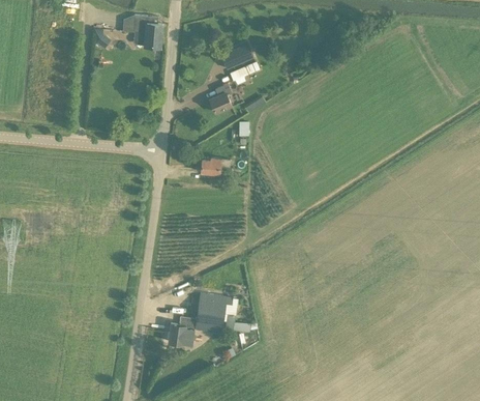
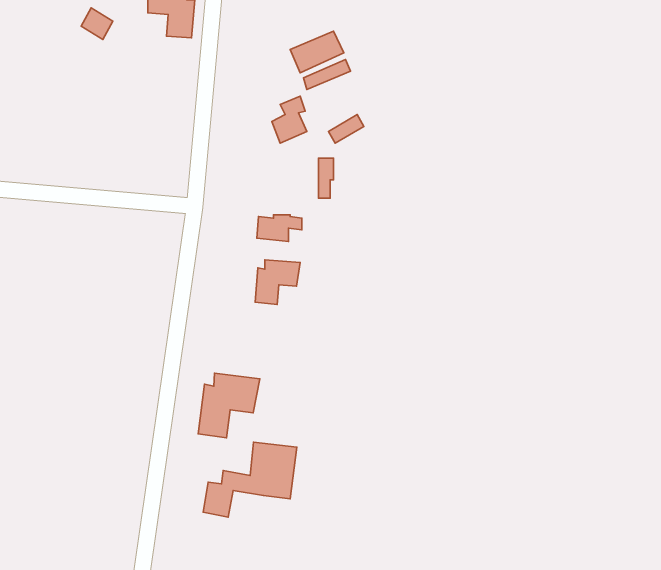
building: none -> [255,260,300,304]
building: none -> [198,373,260,438]

